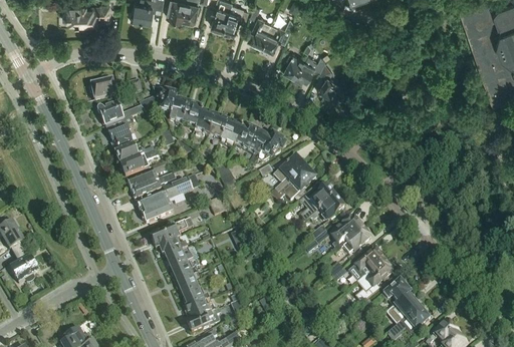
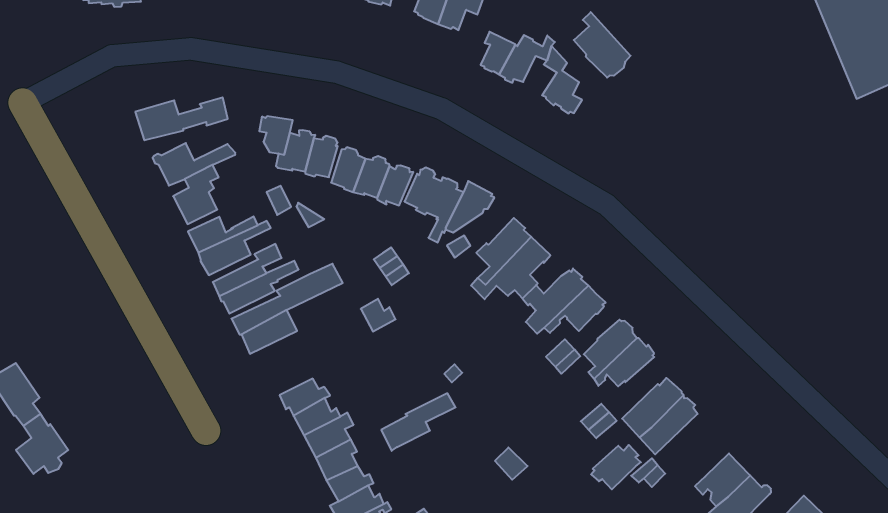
building: none -> [574,12,631,78]
building: [153,219,195,249] -> [381,393,456,451]
building: [383,283,412,307] -> [591,445,641,489]

